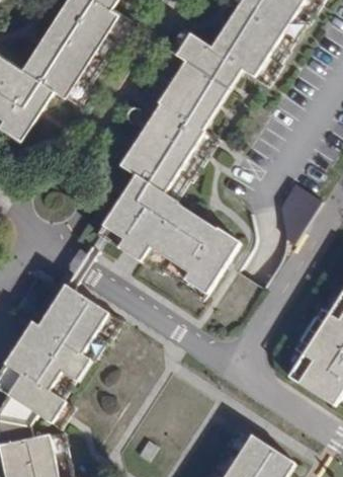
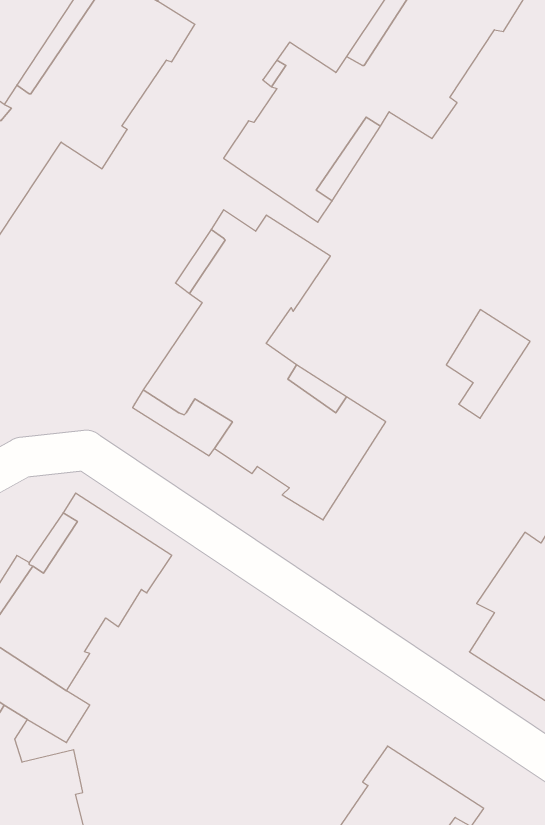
building: [148,102,217,149] -> none

